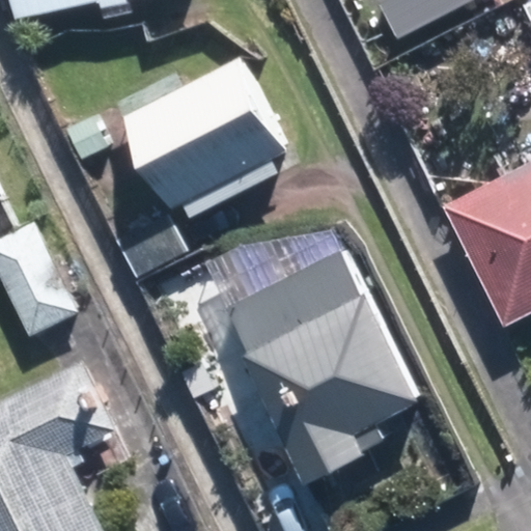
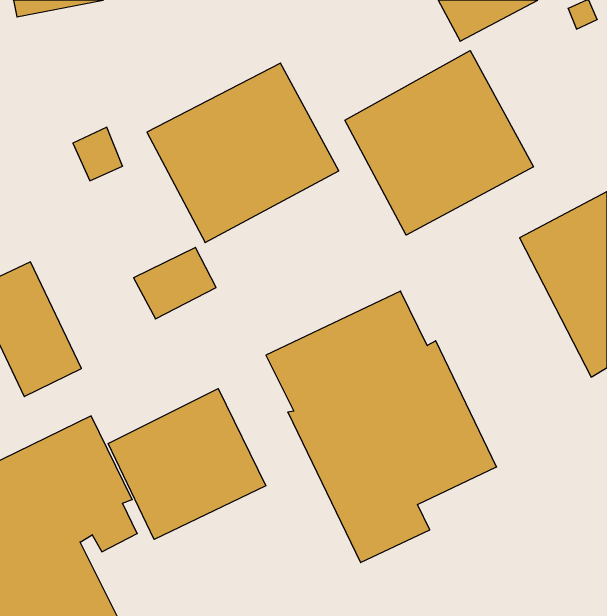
building: none -> [345,51,533,235]
building: none -> [108,389,266,539]

